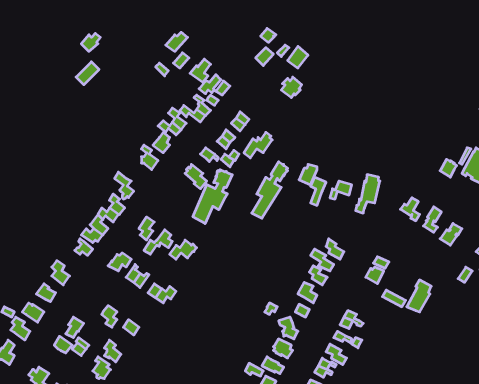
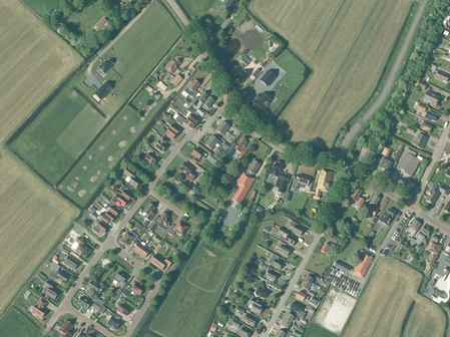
building: [193,170,232,224] -> none

